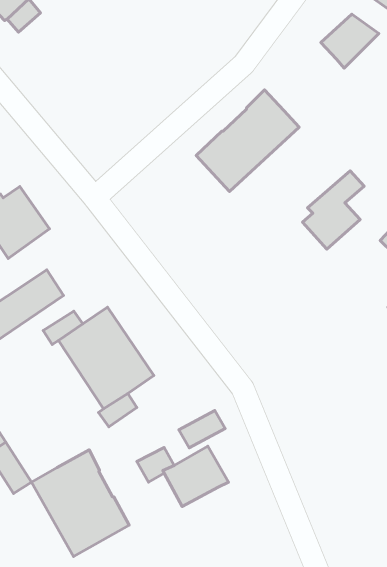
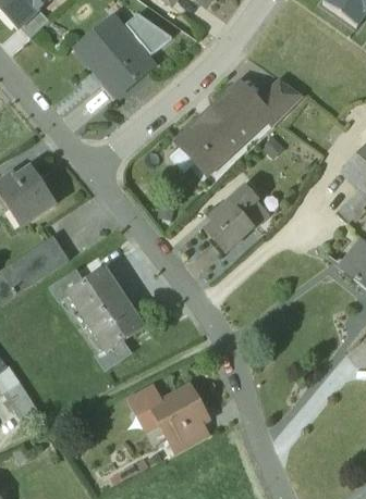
building: none -> [80,13,172,96]
building: [321,14,379,68] -> [254,77,303,123]
building: [302,171,364,249] -> [204,185,256,251]
building: [179,411,225,448] -> [168,420,207,451]
building: [31,450,129,556] -> none

